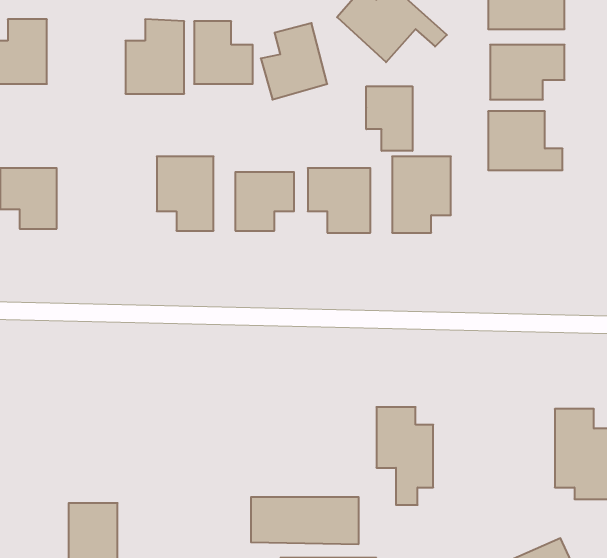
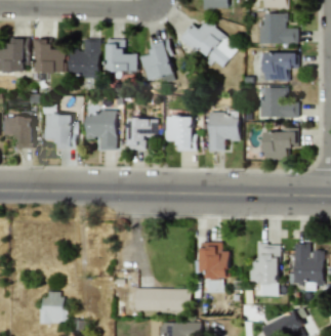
building: none -> [35,40,63,74]
building: [366,86,412,151] -> none
building: none -> [45,114,75,149]
building: none -> [263,128,298,160]
building: none -> [250,243,280,296]

